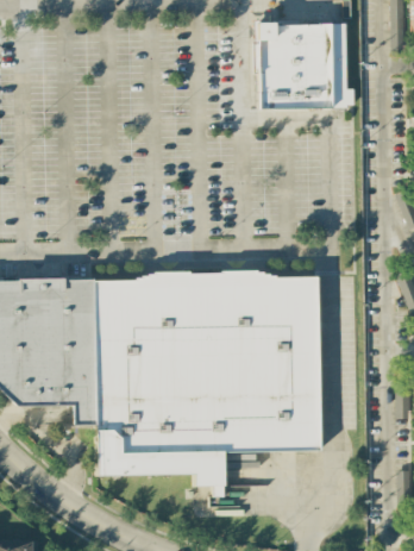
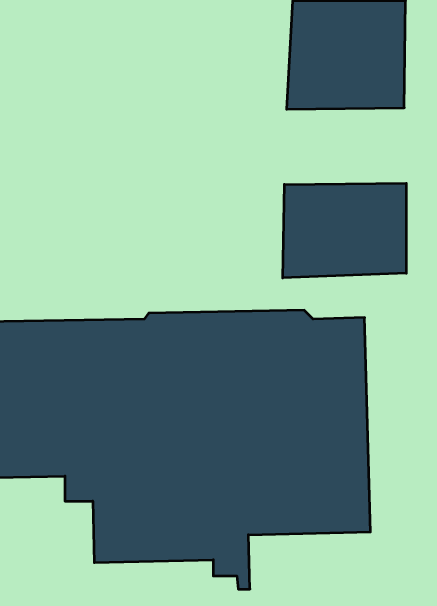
building: none -> [283,183,406,278]

